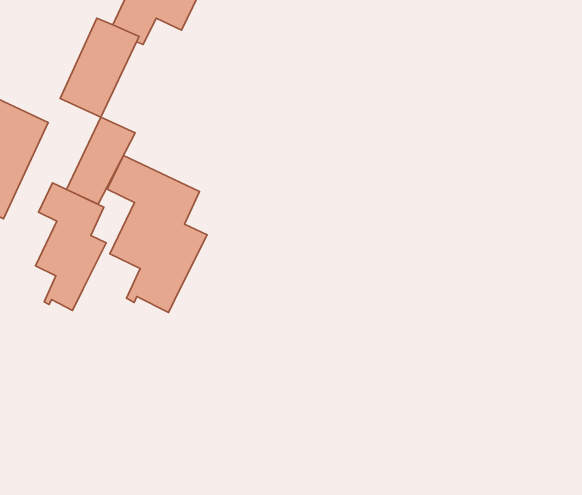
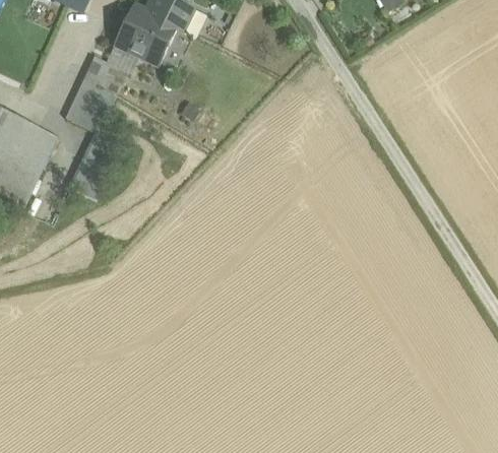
building: [107,156,207,312] -> none
building: [35,183,106,310] -> none

